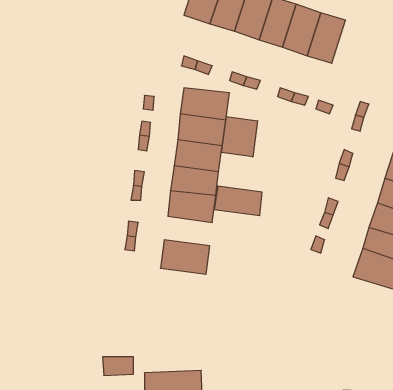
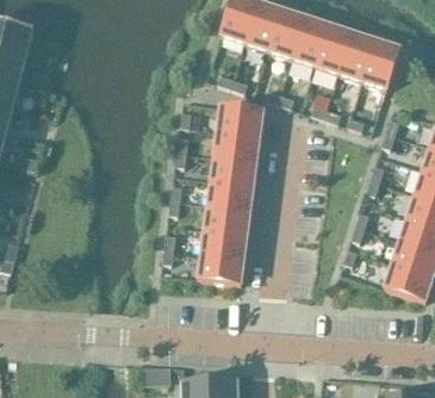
building: none -> [362,37,400,87]
building: [221,116,258,157] -> none
building: [214,186,262,216] -> [200,226,247,255]

